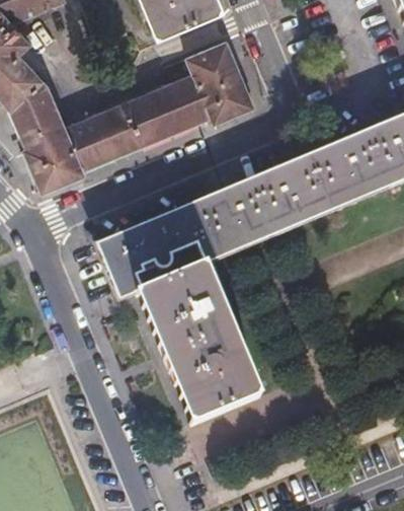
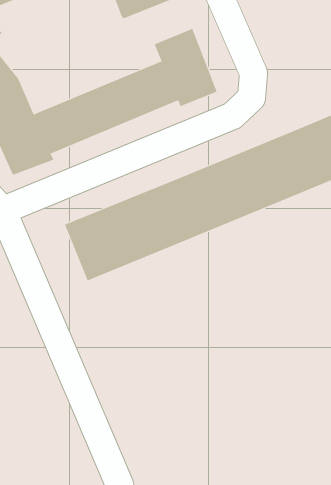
building: [137,262,262,421] -> none

